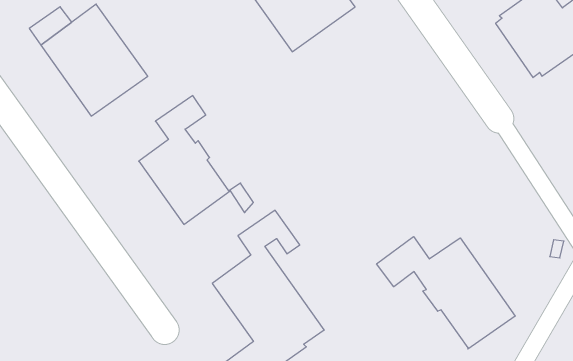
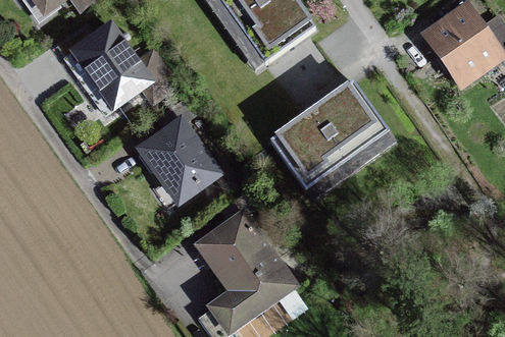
building: none -> [271,81,391,190]
building: [377,237,515,349] -> none

